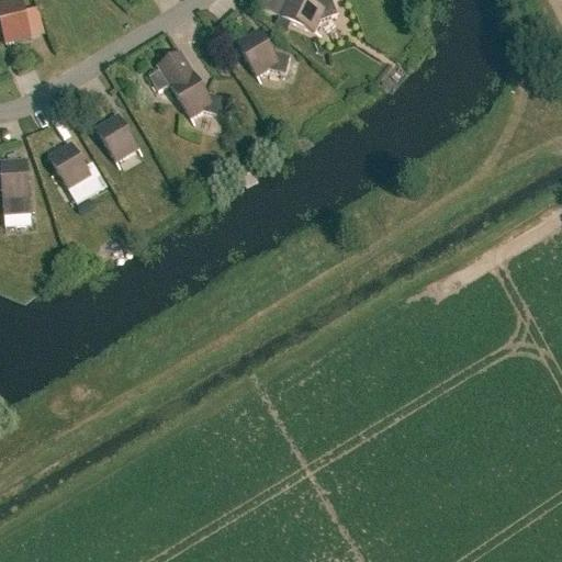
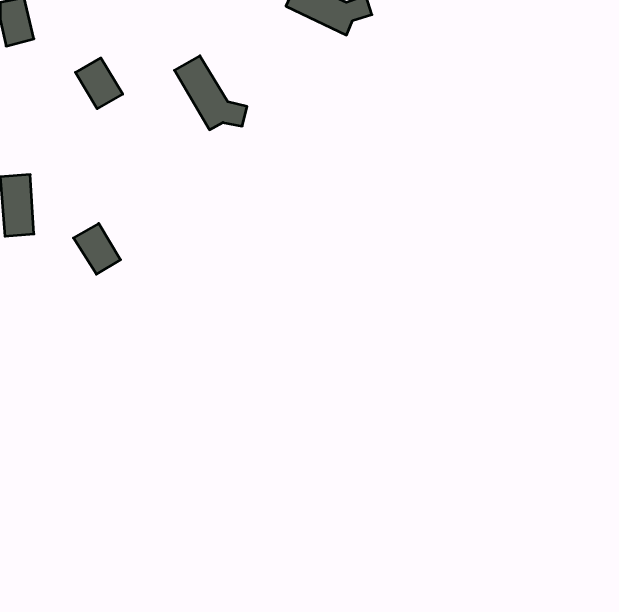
building: [236,29,290,75] -> none
building: [95,114,138,160] -> [75,58,123,109]
building: [48,143,91,189] -> [73,223,121,274]

